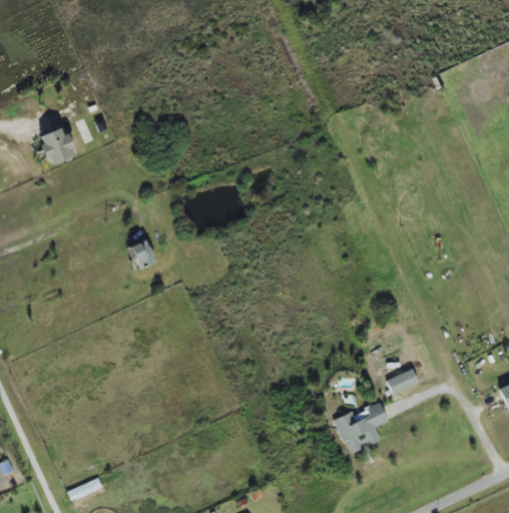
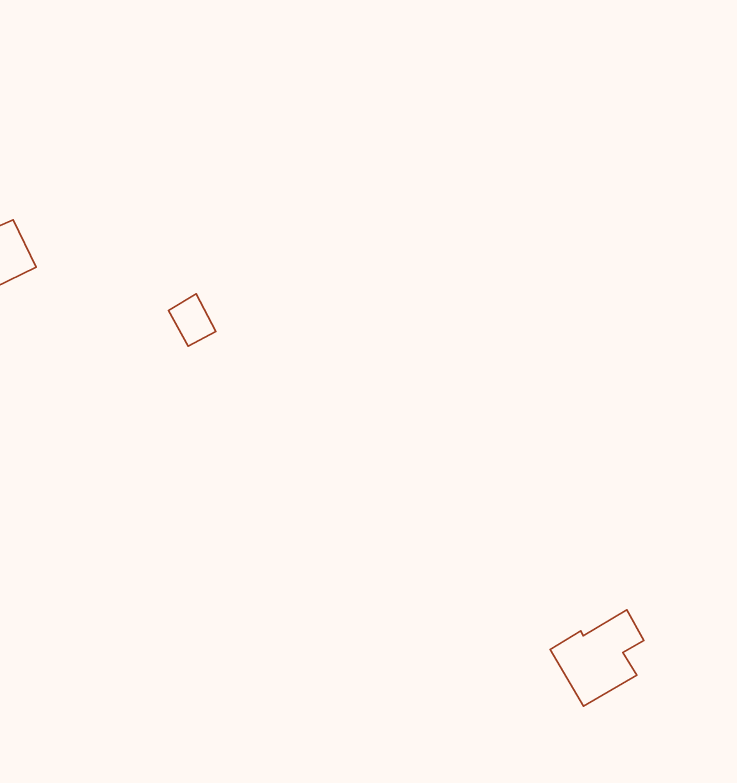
building: [129,238,154,268] -> [169,294,216,346]
building: [387,368,419,393] -> none

